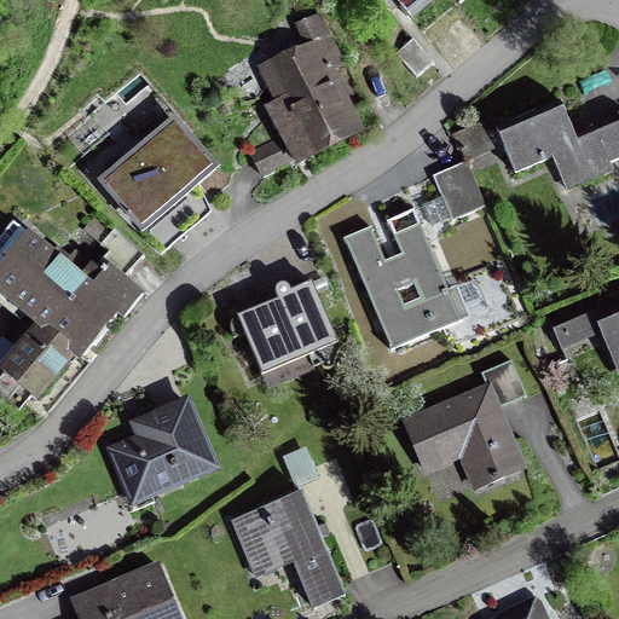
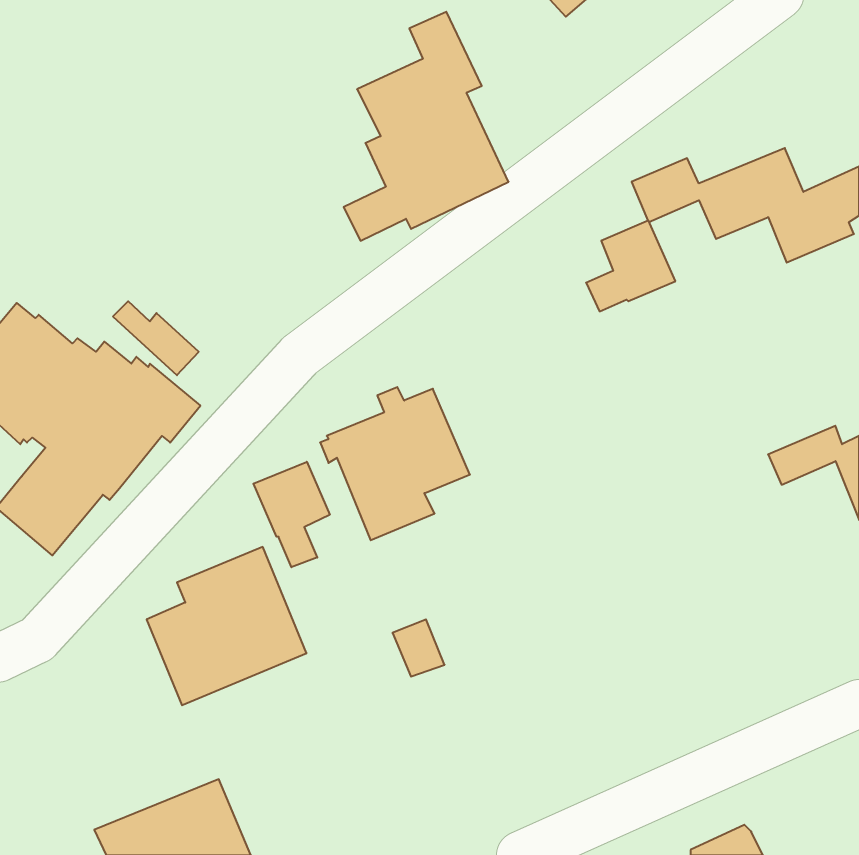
building: [96,112,220,232] -> none
building: [342,206,484,347] -> none
building: none -> [253,462,330,567]
building: [400,357,527,490] -> none
building: [230,488,345,608] -> none

